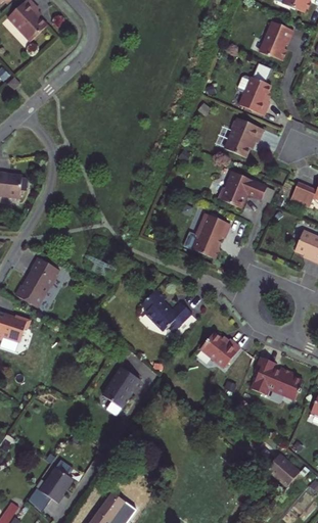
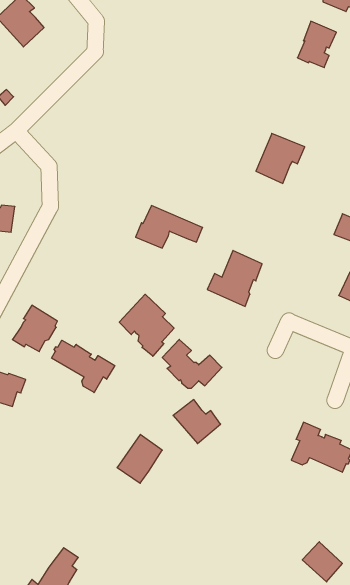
building: [235,63,271,115] -> none
building: [218,173,274,208] -> [136,206,203,248]
building: none -> [119,294,174,356]
building: none -> [52,340,115,393]
building: [195,329,235,366] -> [173,400,221,444]

